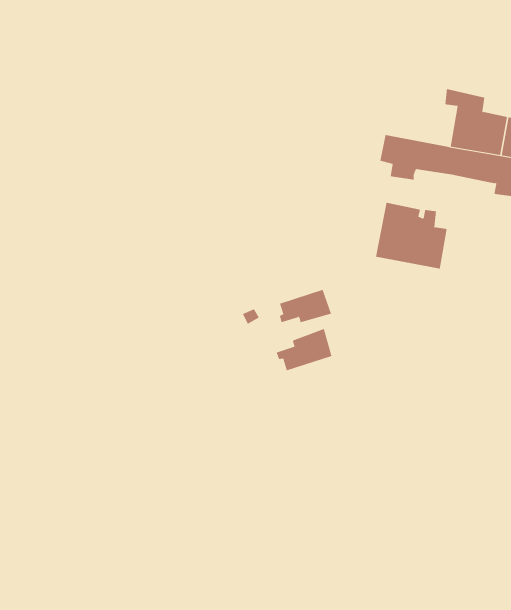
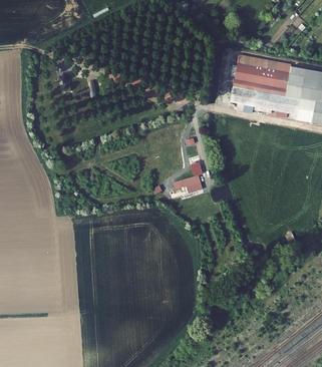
building: [375,202,447,269] -> [234,54,275,92]
building: [276,328,332,371] -> none

